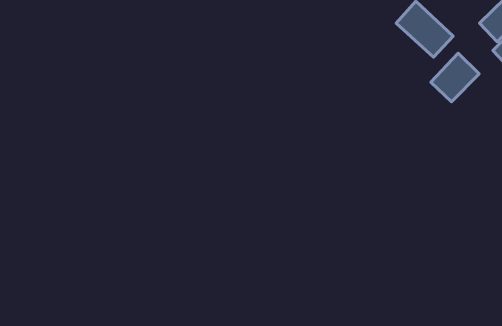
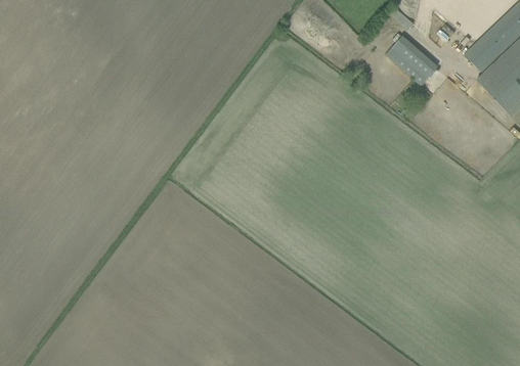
building: [431,53,479,102] -> none

